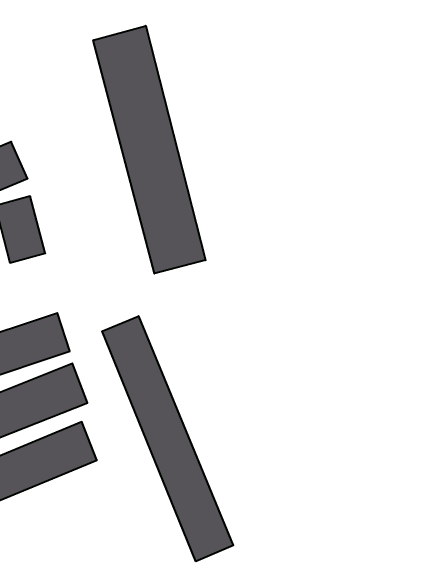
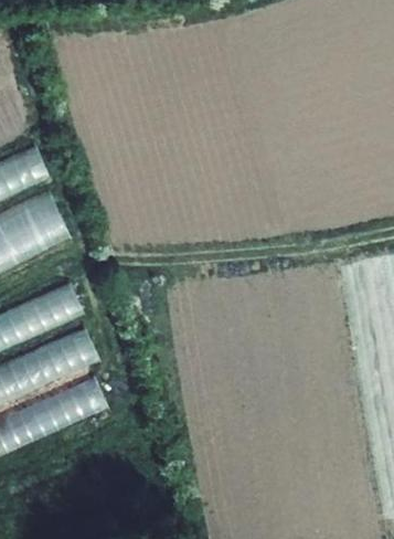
building: [93,26,206,274] -> none
building: [102,316,233,561] -> none

